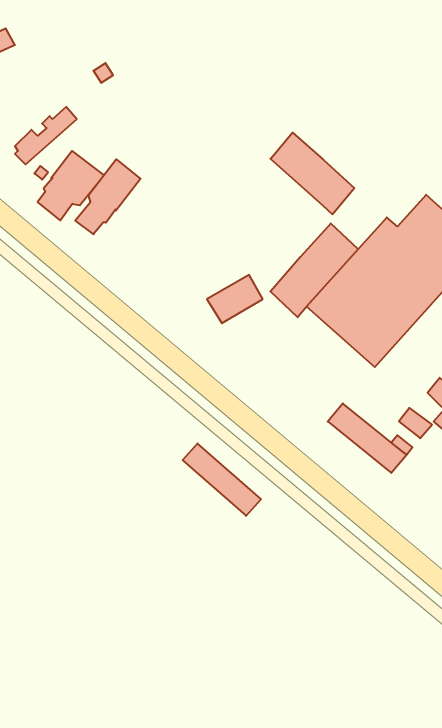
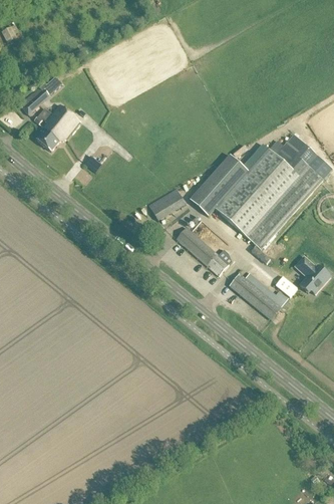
building: [270,133,354,214] -> none
building: [75,159,141,234] -> none
building: [183,443,261,516] -> [177,228,229,276]

